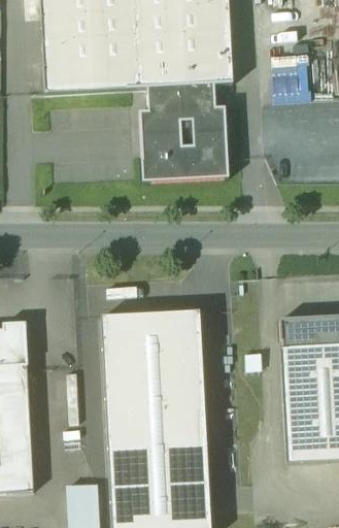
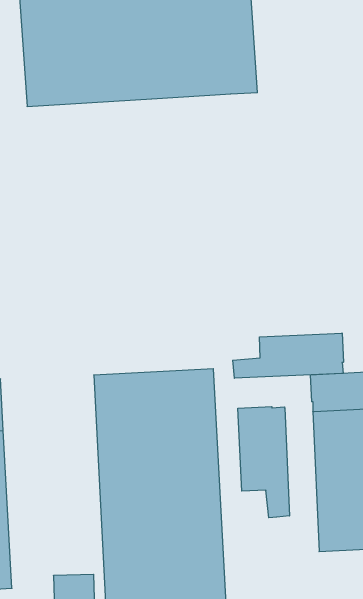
building: [139,88,228,178] -> none
building: none -> [233,333,343,378]
building: none -> [238,407,289,518]

